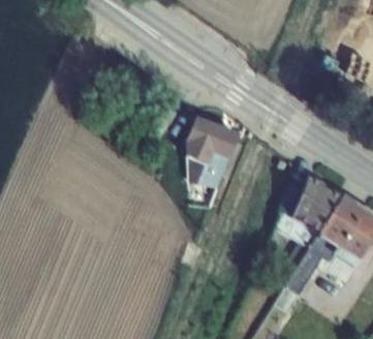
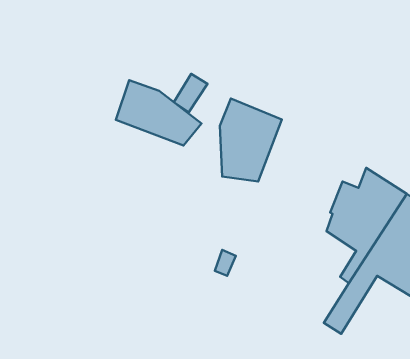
building: none -> [116,80,201,145]

